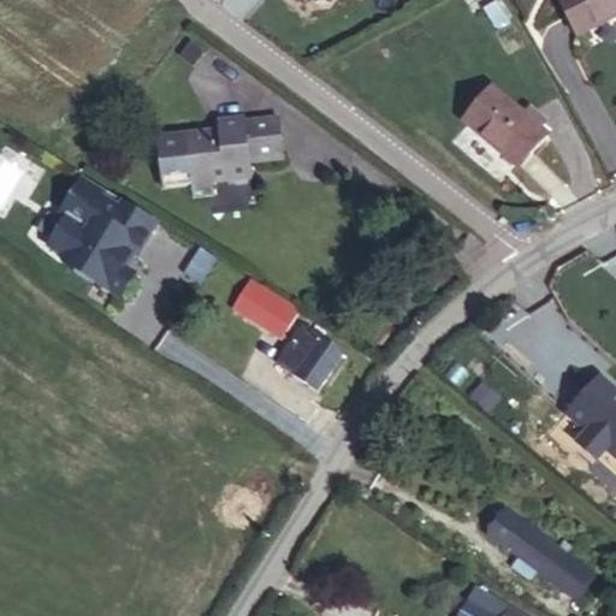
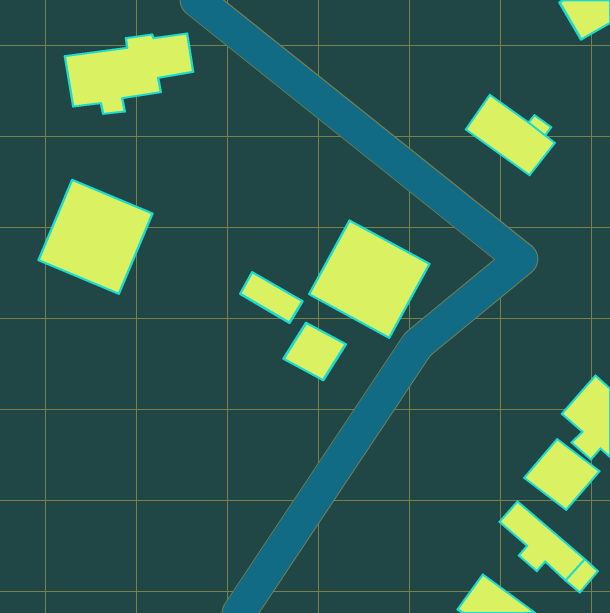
building: [143,114,272,195] -> [65,33,193,114]
building: none -> [309,220,429,338]
building: none -> [524,439,599,510]

